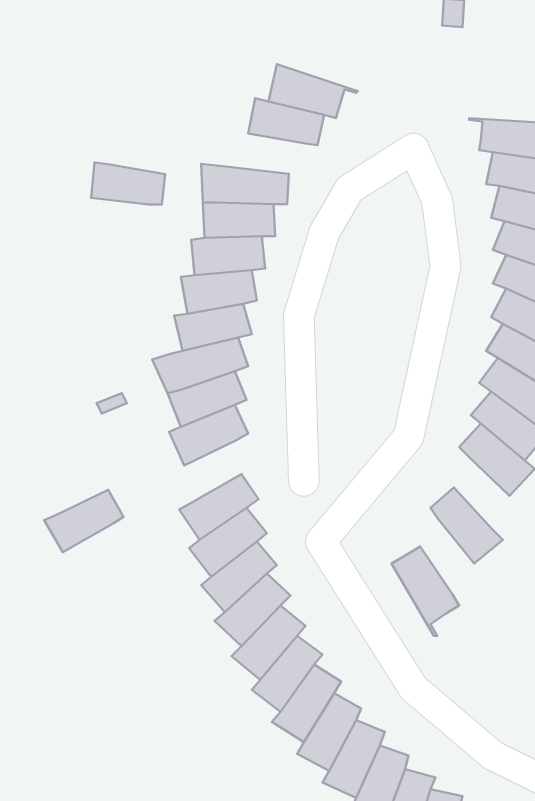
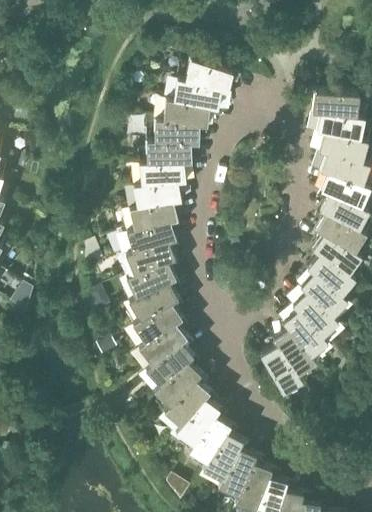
building: [91,162,165,205] -> [166,103,210,128]
building: none -> [293,296,337,339]
building: [44,490,123,552] -> [131,286,178,323]
building: none -> [273,332,315,377]

